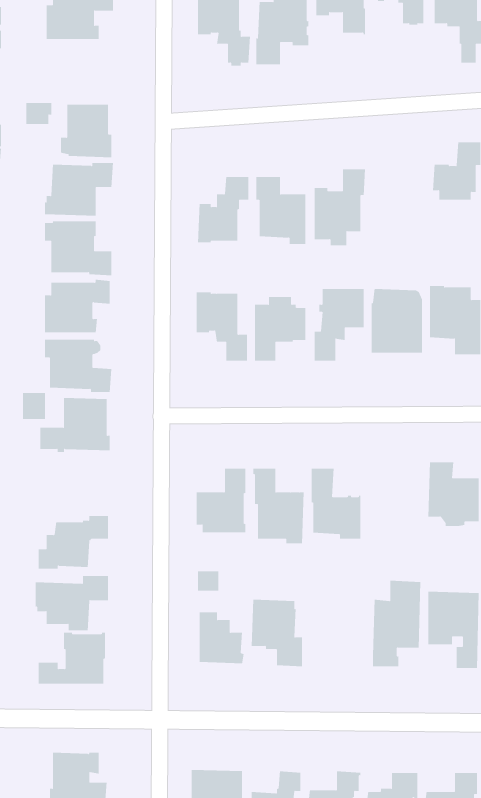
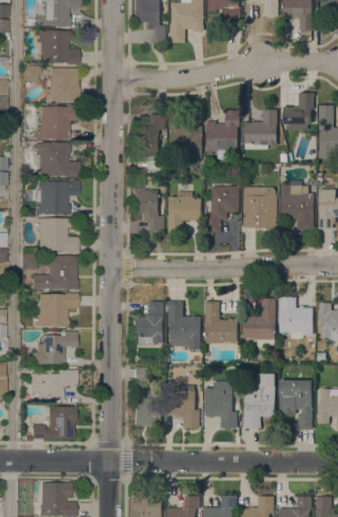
building: none -> [35,30,78,65]
building: none -> [243,109,277,148]
building: none -> [33,293,78,329]
building: none -> [243,298,275,347]
building: none -> [205,382,237,429]

